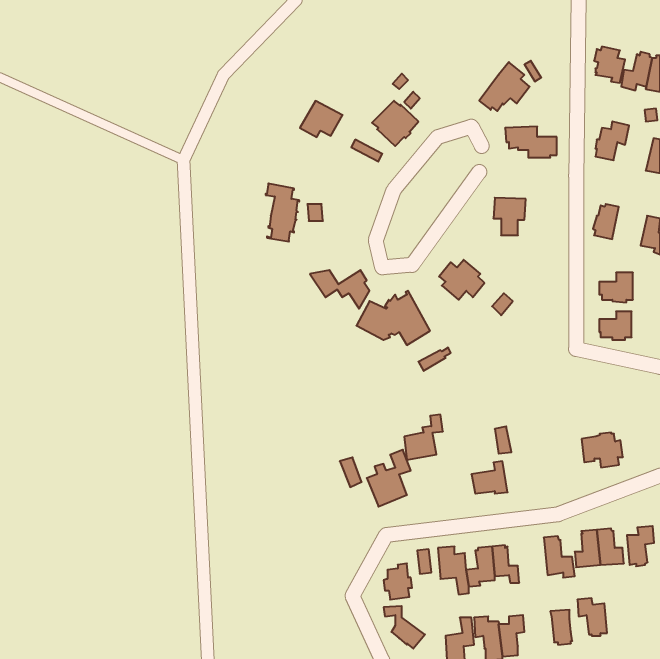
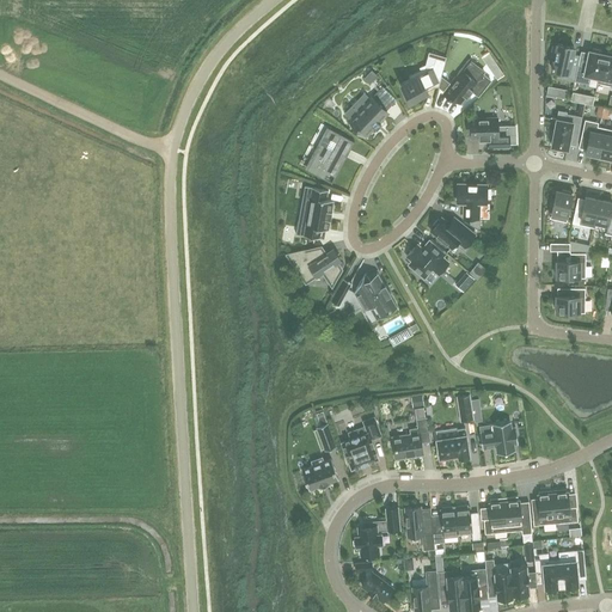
building: none -> [400,54,445,103]
building: [300,101,343,137] -> [307,145,347,178]
building: none -> [581,121,605,159]
building: [266,183,299,242] -> [302,186,333,240]
building: none -> [573,197,599,228]
building: none -> [430,218,475,249]
building: [404,415,443,460] -> [392,418,428,460]
building: [582,433,623,467] -> [479,421,518,453]
building: none -> [300,458,337,490]
building: [627,526,654,566] -> [559,551,585,588]
building: none -> [483,498,507,534]
building: none -> [485,561,514,601]

